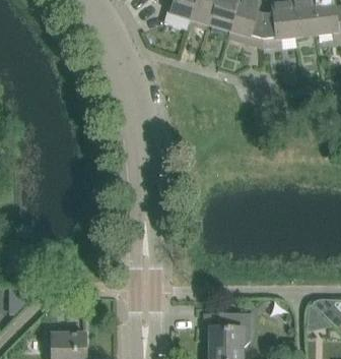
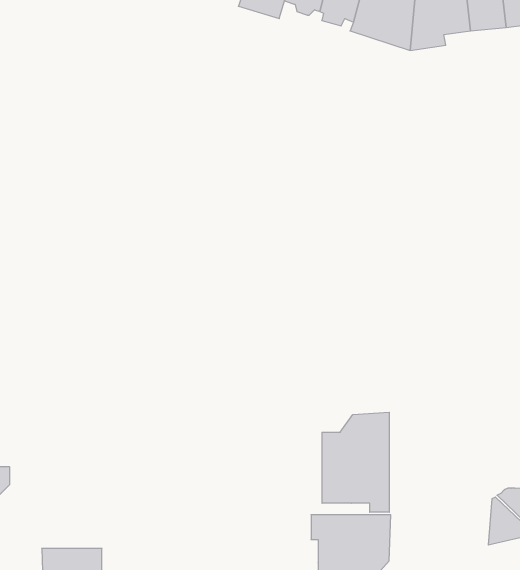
building: none -> [322,412,389,512]

